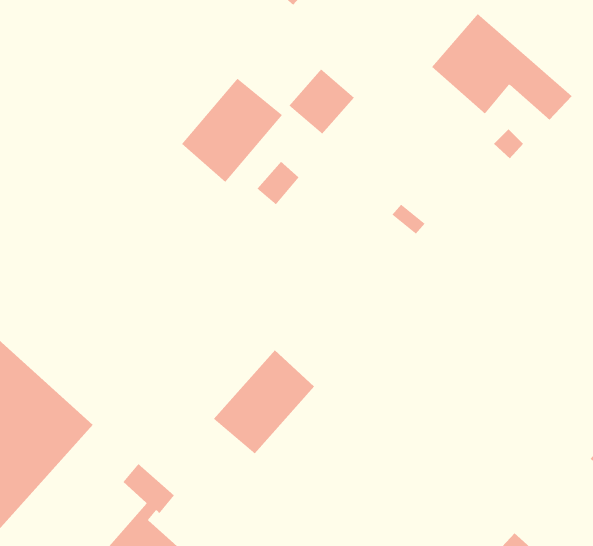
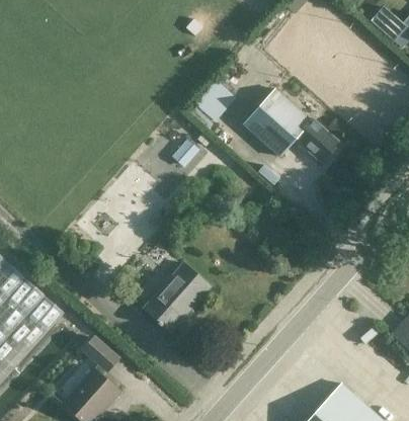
building: [431,13,573,121] -> [244,90,337,161]
building: [181,78,283,183] -> none

